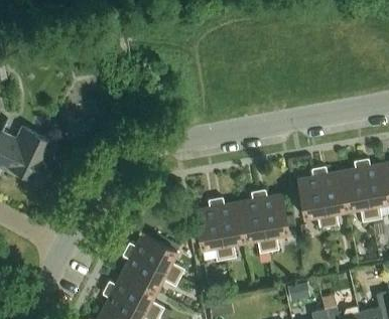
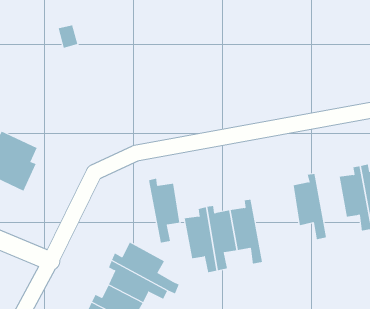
building: [318,165,348,227] -> none
building: [258,189,288,251] -> [148,178,180,243]

